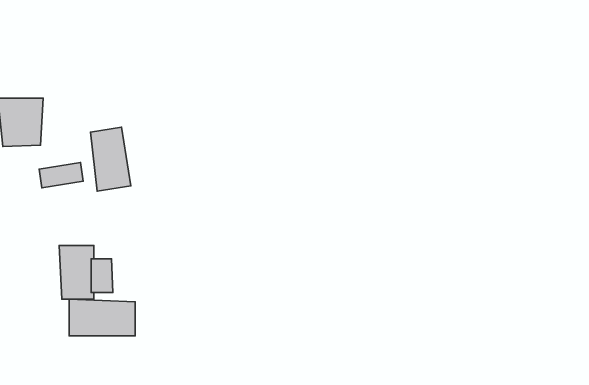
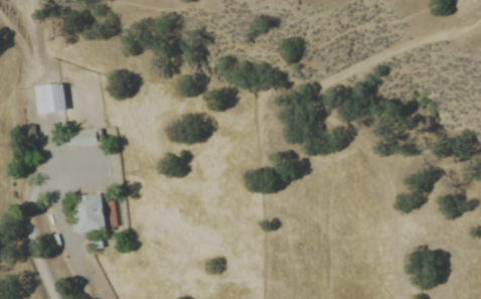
building: [90,127,131,191] -> none
building: [69,299,135,336] -> none

